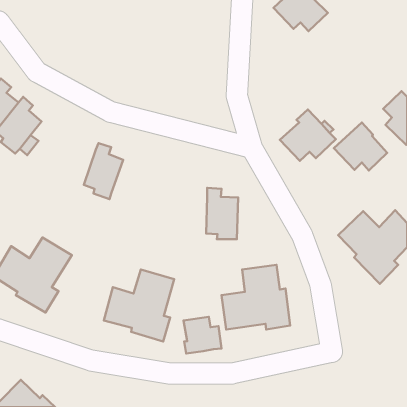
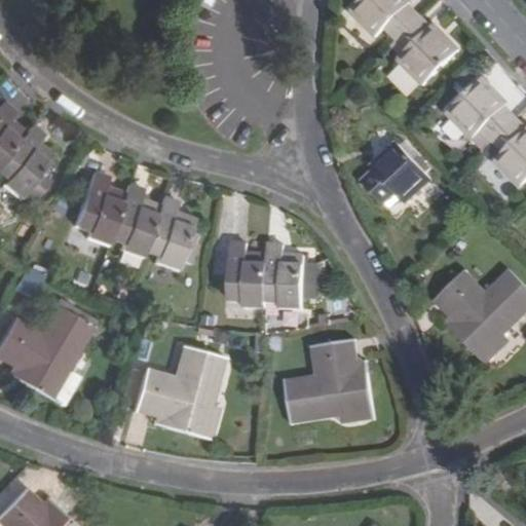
building: none -> [390,16,459,83]
building: [334,123,387,171] -> [447,78,516,140]
building: none -> [72,172,123,242]
building: none -> [143,195,194,268]
building: none -> [229,240,266,306]
building: [184,317,222,354] -> none

